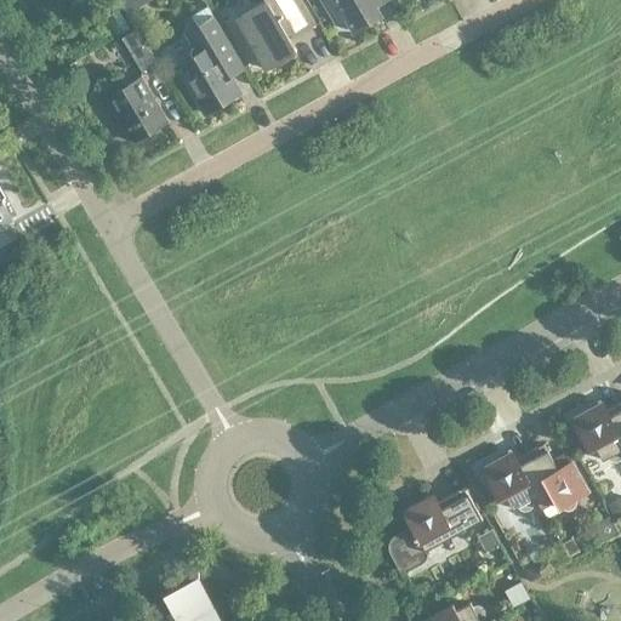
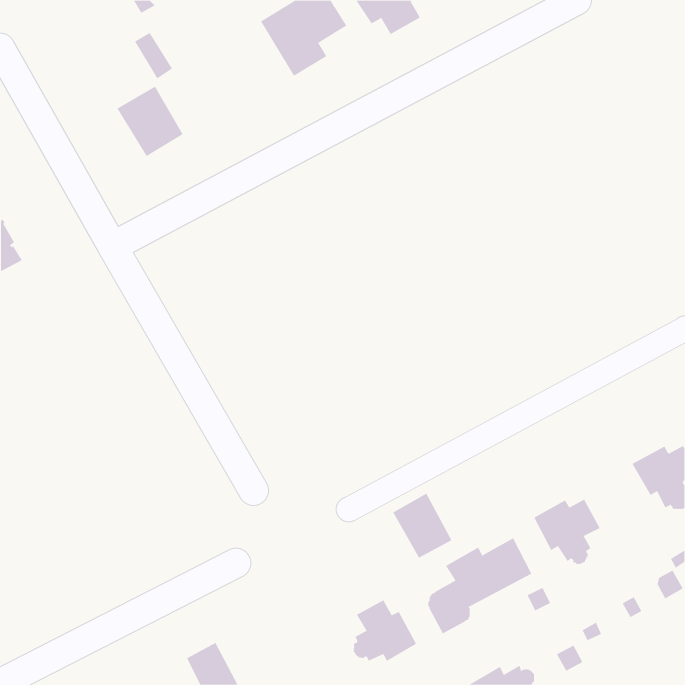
building: [177,16,240,113] -> none
building: [529,443,588,509] -> none
building: none -> [393,493,452,559]
building: none -> [353,599,417,662]

